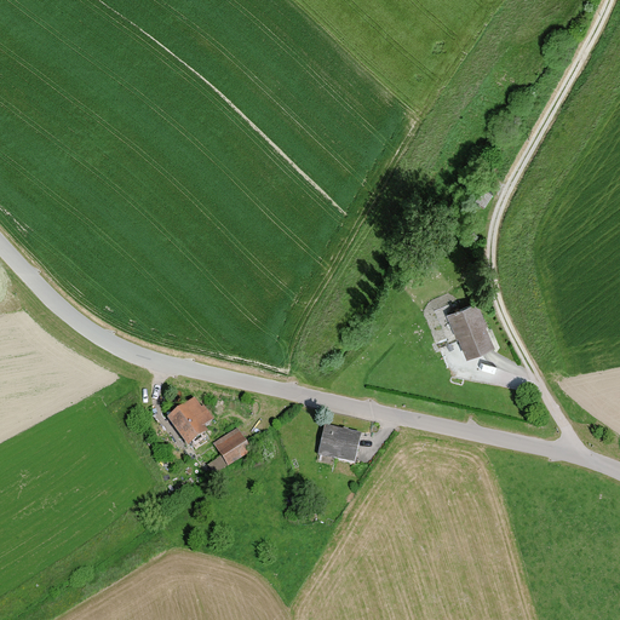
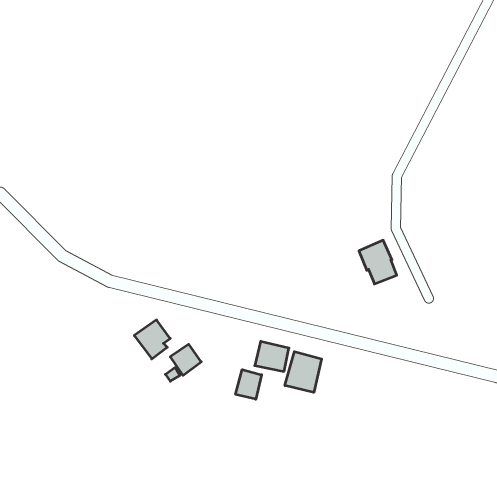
building: none -> [285,352,322,392]
building: none -> [236,370,262,399]

